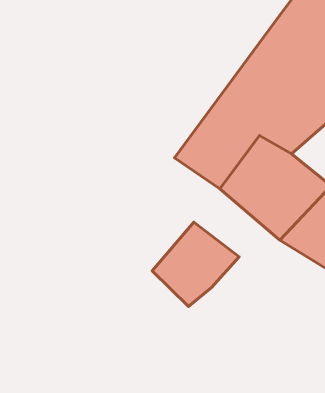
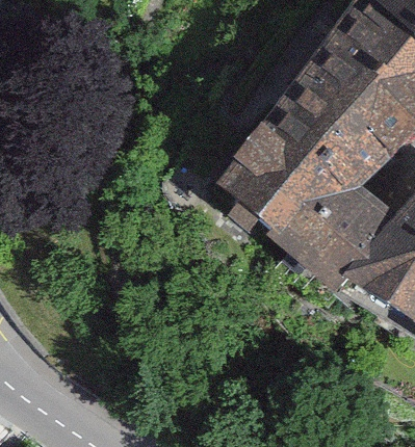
building: [152,222,239,307] -> none

